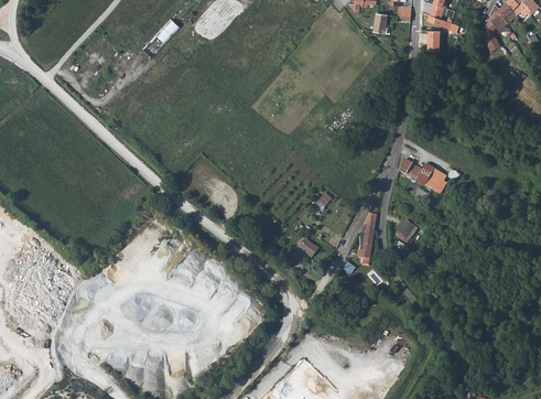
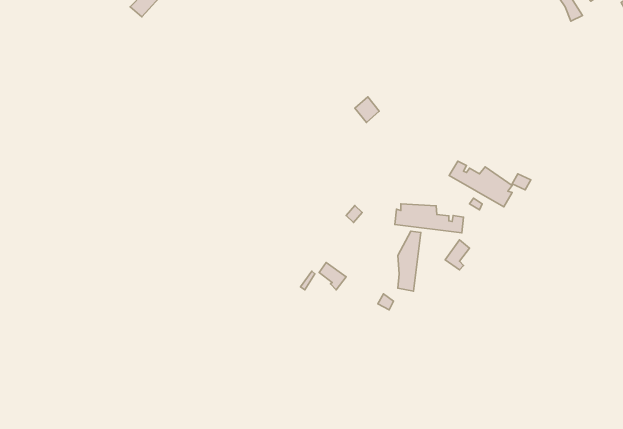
building: none -> [395,204,463,233]

